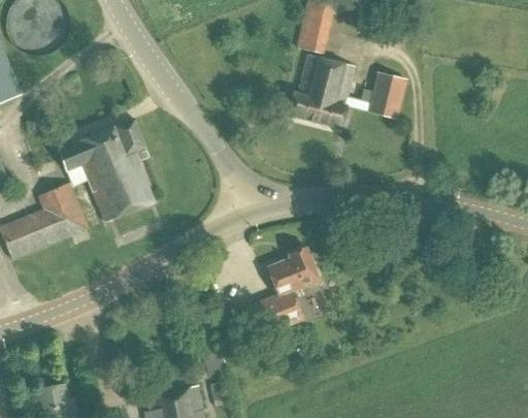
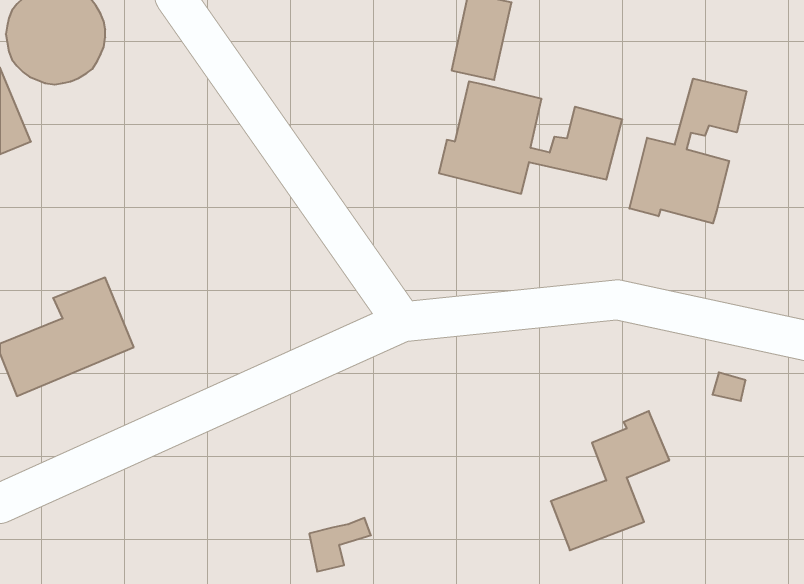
building: none -> [629,79,746,223]
building: [58,118,158,220] -> none
building: [241,247,319,337] -> [551,411,669,550]

